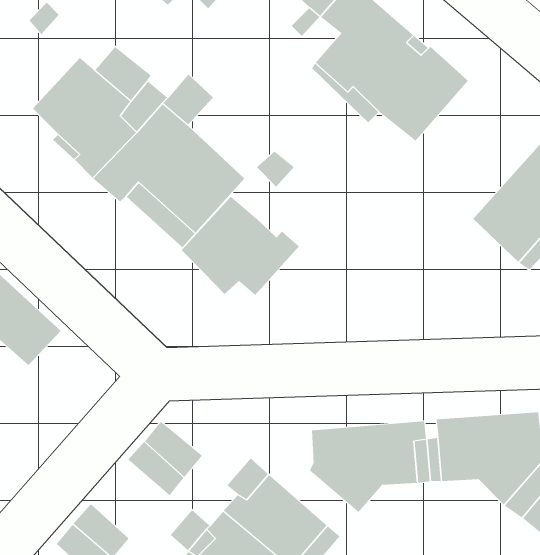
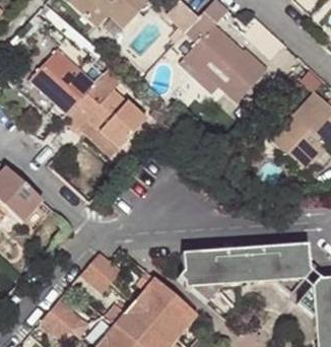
building: [181,196,300,296] -> none

